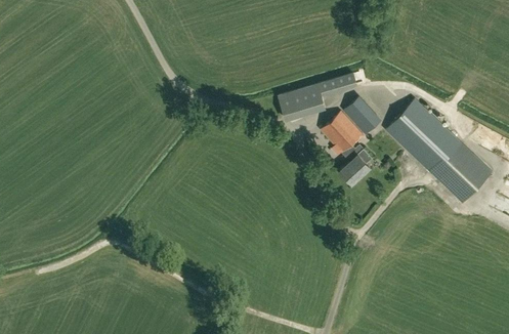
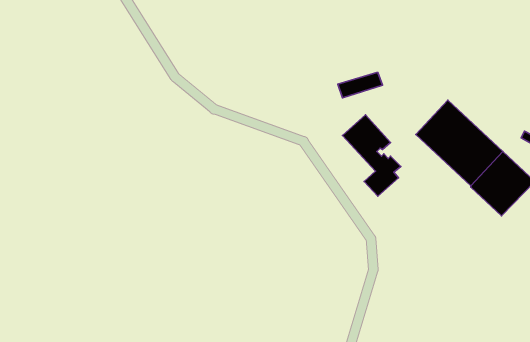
building: [279,84,325,120] -> none
building: [344,97,380,134] -> none

